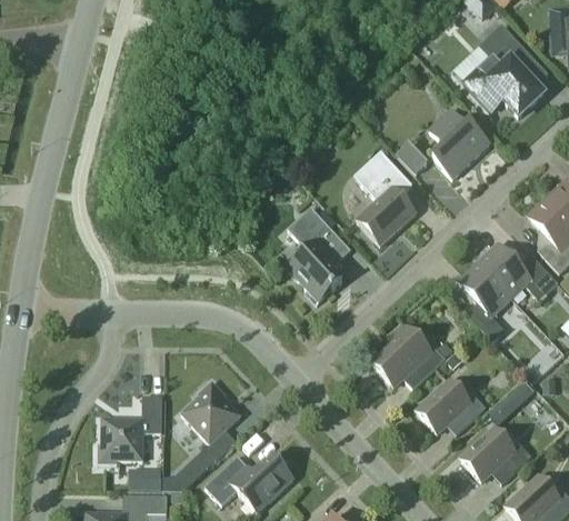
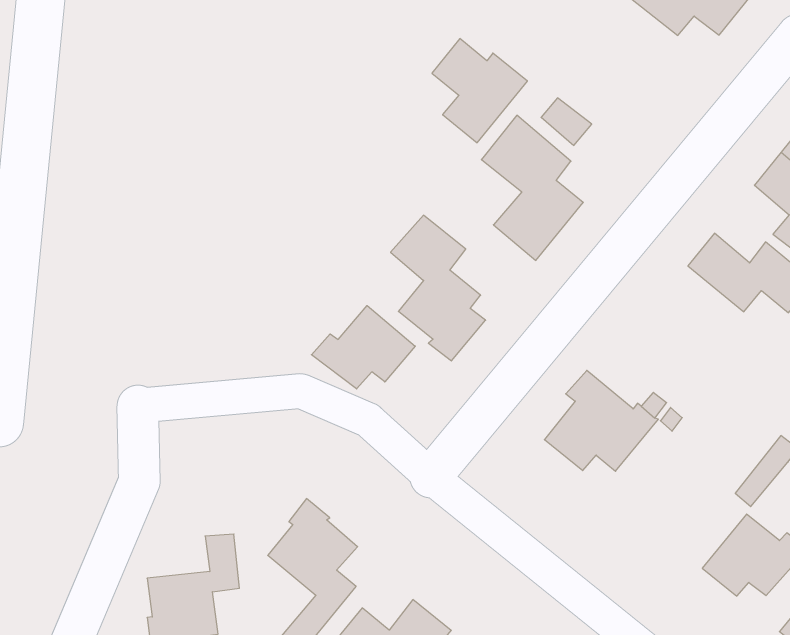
building: [429,108,490,177] -> [432,39,527,143]
building: none -> [311,306,415,389]
building: [459,261,511,340] -> none
building: [417,379,487,433] -> none

